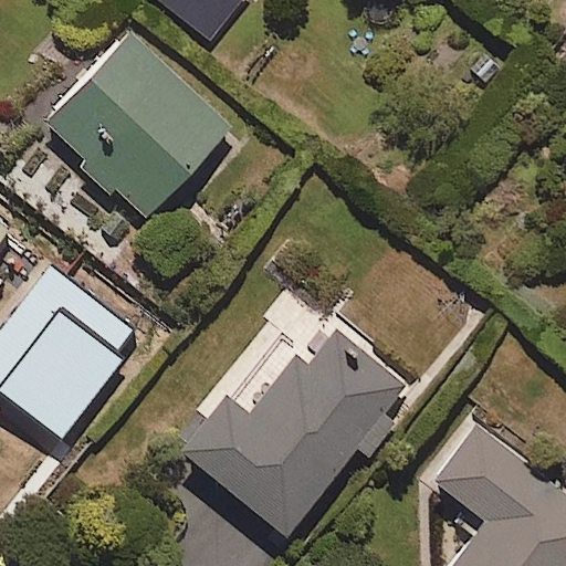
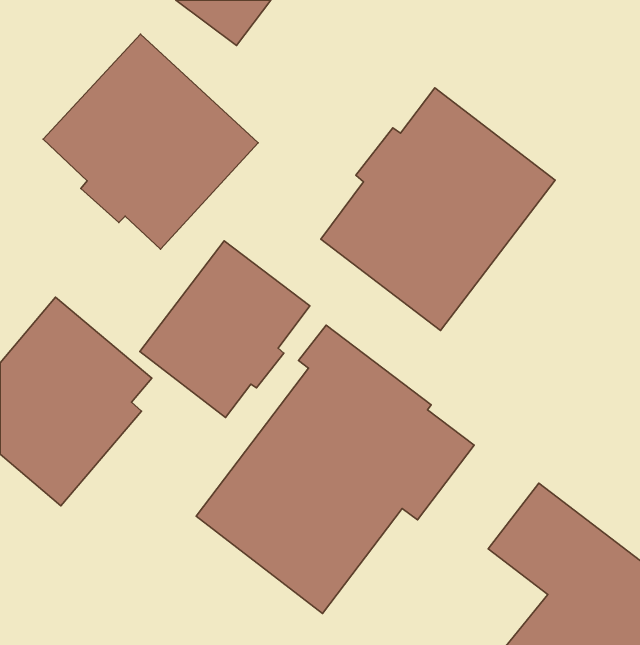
building: none -> [321,88,555,330]
building: none -> [140,241,310,418]

